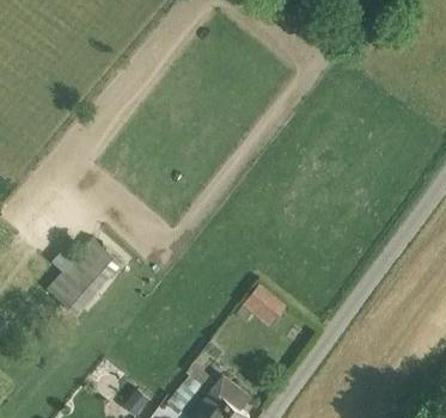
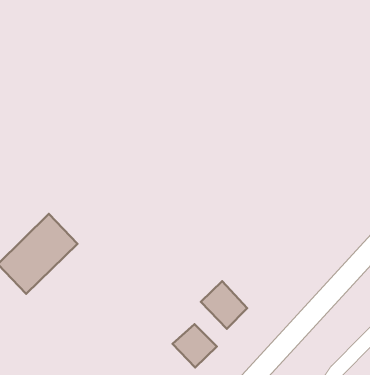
building: none -> [172,324,217,368]

